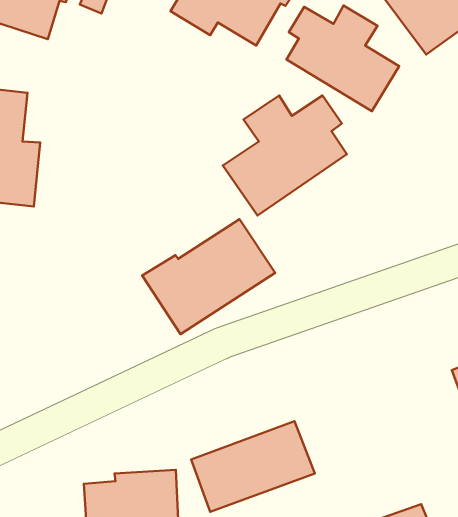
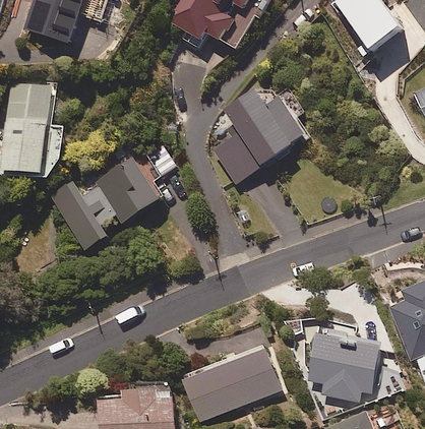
building: [287,6,399,111] -> none
building: [142,219,275,334] -> [53,157,159,248]
building: none -> [307,330,381,402]

